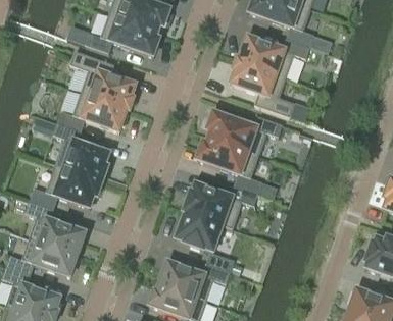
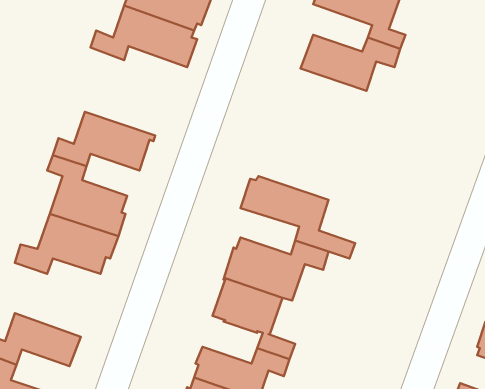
building: [70,49,138,106] -> none
building: [229,53,294,114] -> none
building: [205,109,284,153] -> none
building: [26,199,85,253] -> none

